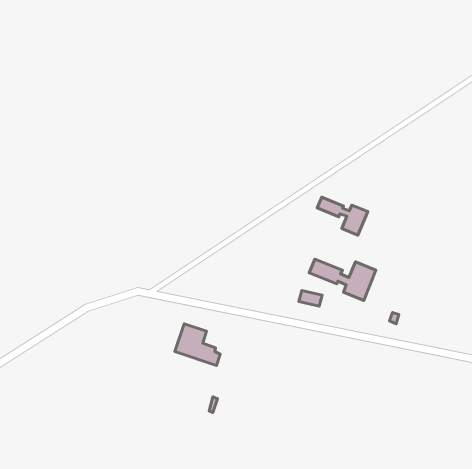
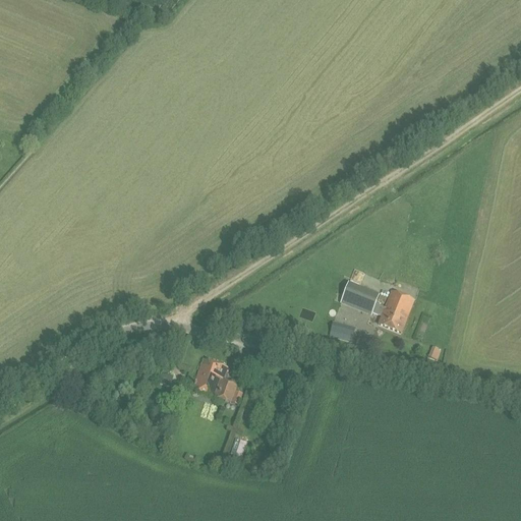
building: [317,197,368,235] -> none

